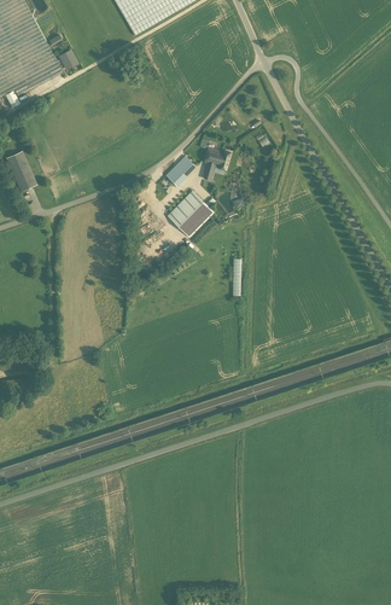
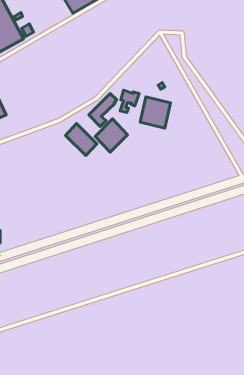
building: none -> [140,97,170,128]
building: none -> [66,123,97,156]

